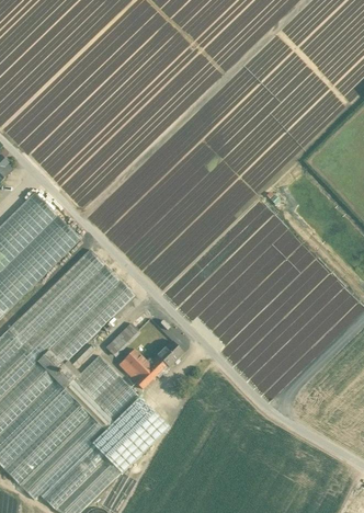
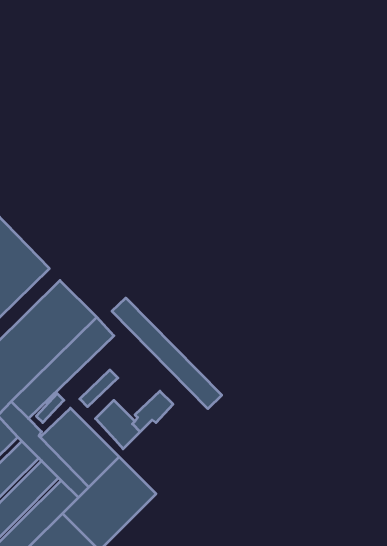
building: none -> [112,298,222,409]

